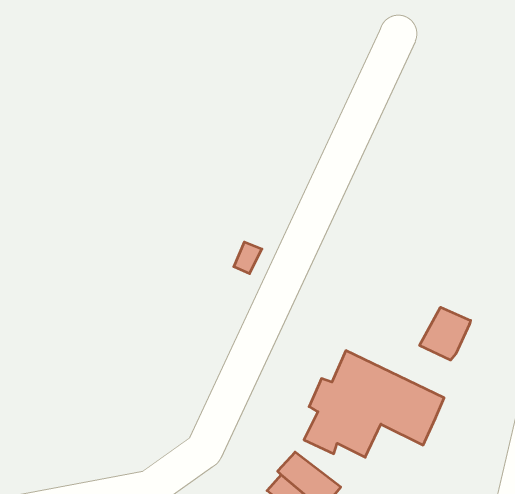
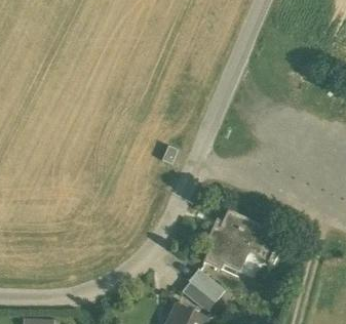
building: [420,307,471,360] -> none

